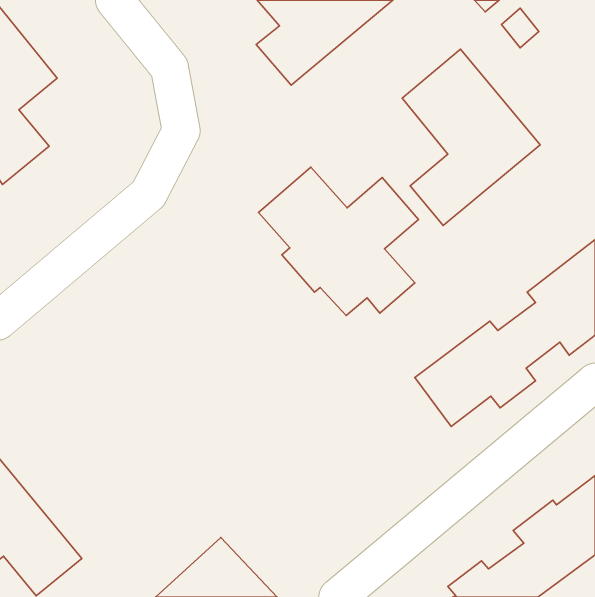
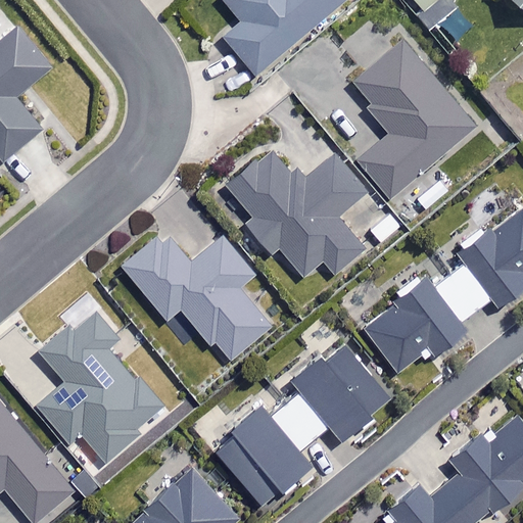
building: none -> [124,232,270,363]
building: none -> [38,315,159,462]
building: none -> [218,344,391,508]

